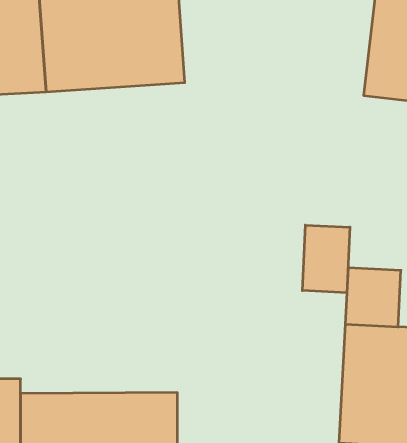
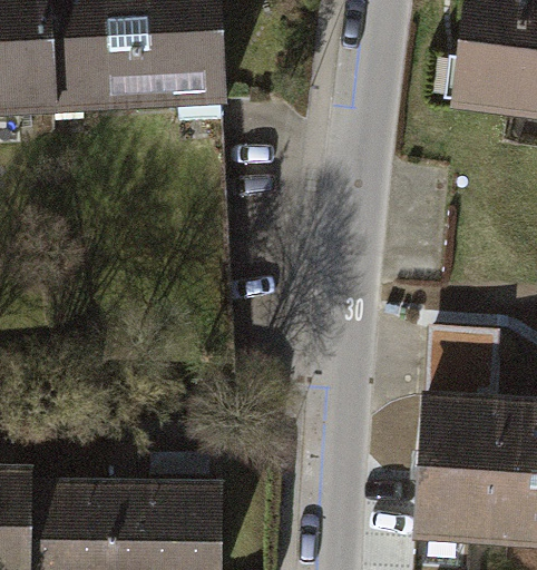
building: [302,225,350,293] -> none

